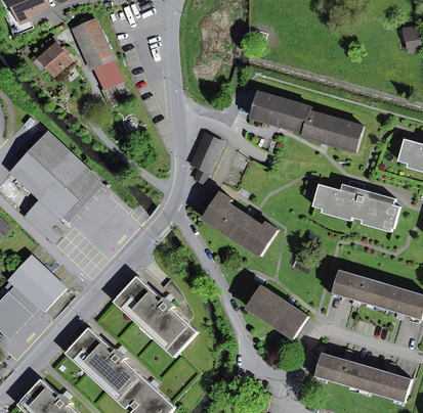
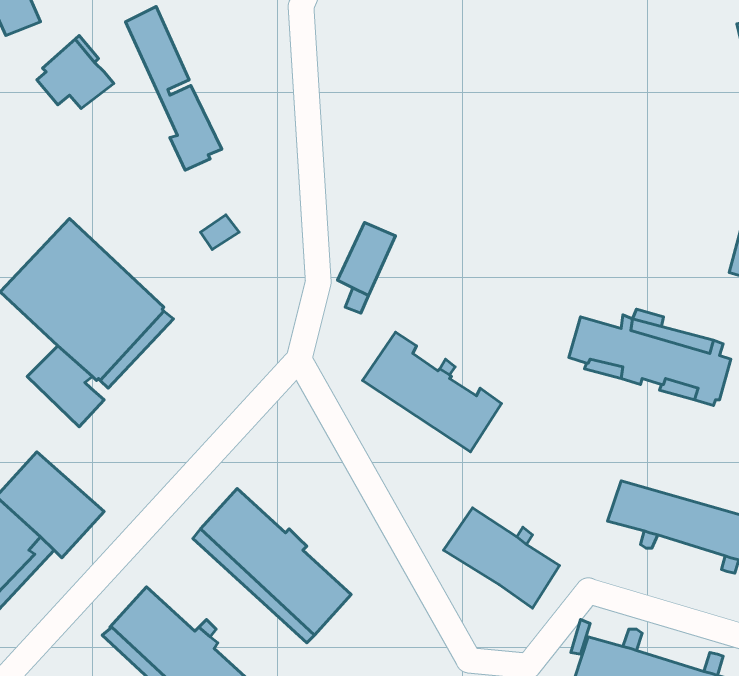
building: [250,92,363,152] -> none

